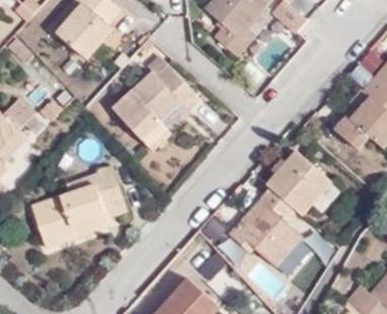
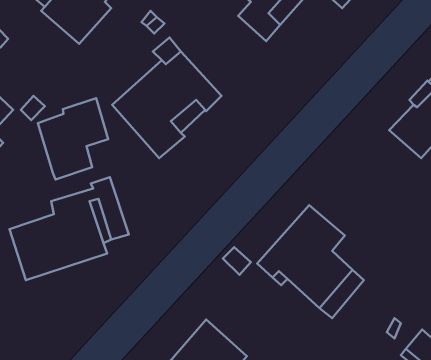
building: none -> [38,98,108,180]
building: [265,151,331,215] -> none

